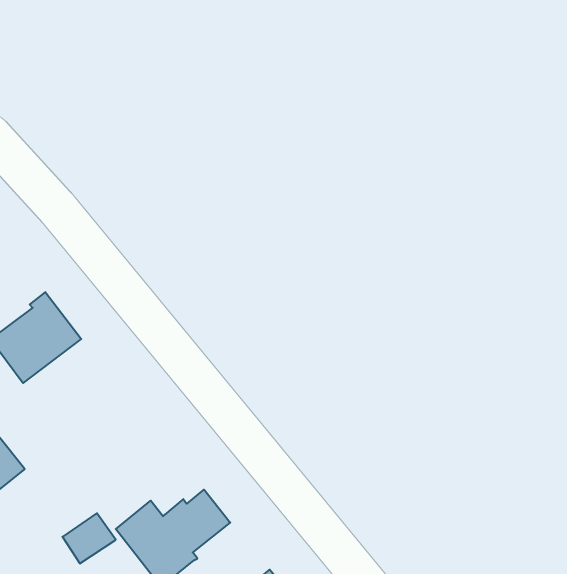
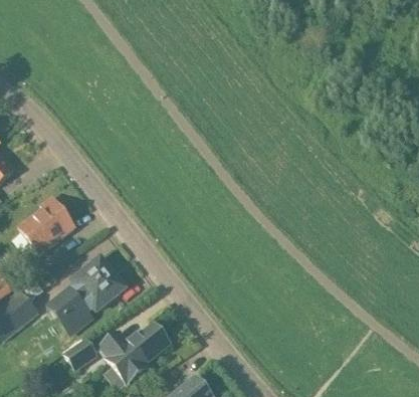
building: none -> [50,255,125,327]

